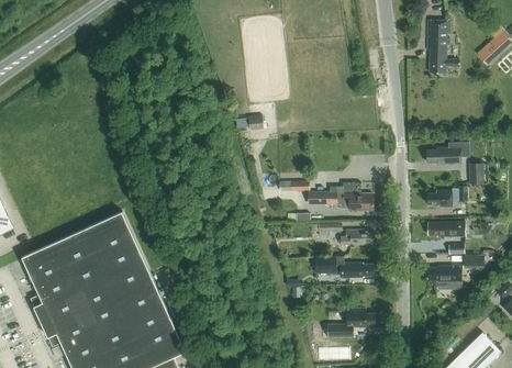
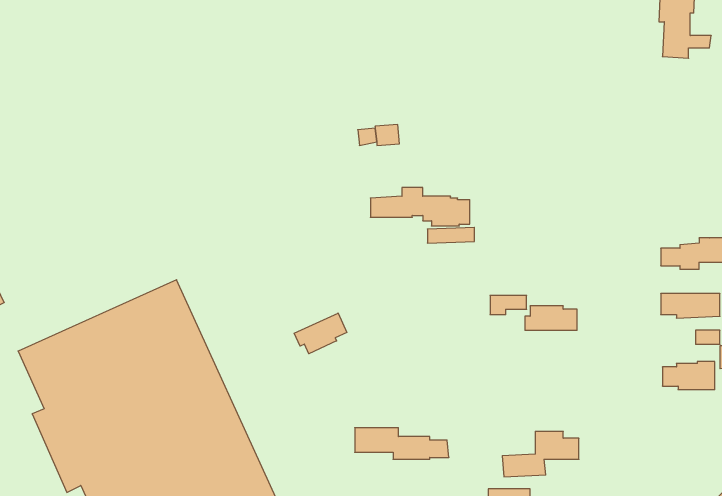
building: [427,147,460,165] -> none
building: [311,187,374,211] -> [370,188,470,226]
building: none -> [294,313,347,354]
building: [316,257,376,277] -> [355,428,449,459]

